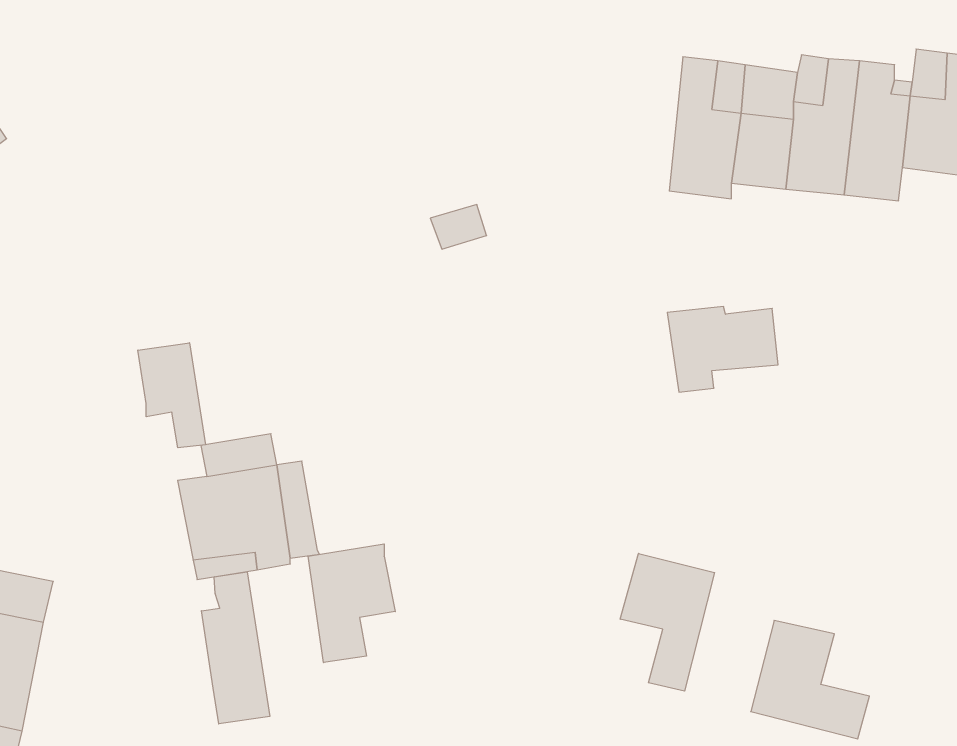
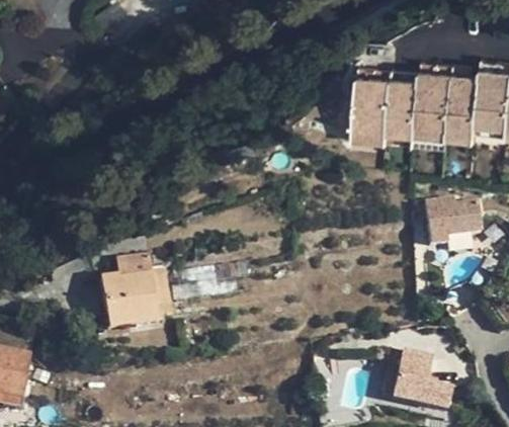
building: [667,307,778,392] -> [417,207,475,252]
building: [138,343,205,448] -> none
building: [308,544,395,663] -> none
building: [620,553,715,691] -> none
building: [201,572,270,724] -> none

